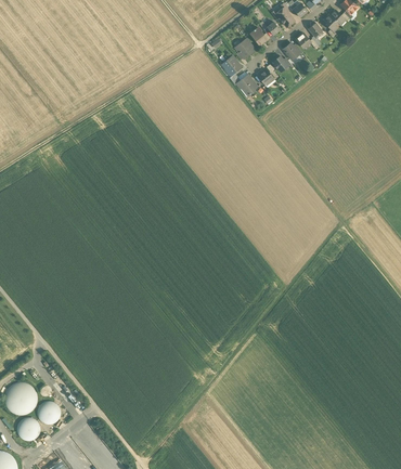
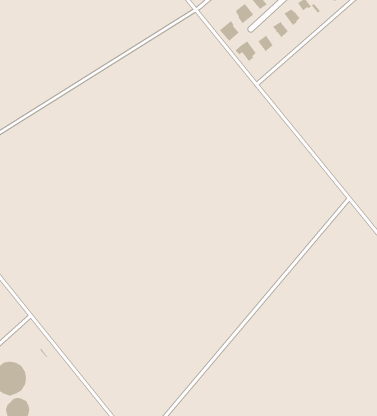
building: [37,400,61,424] -> none

